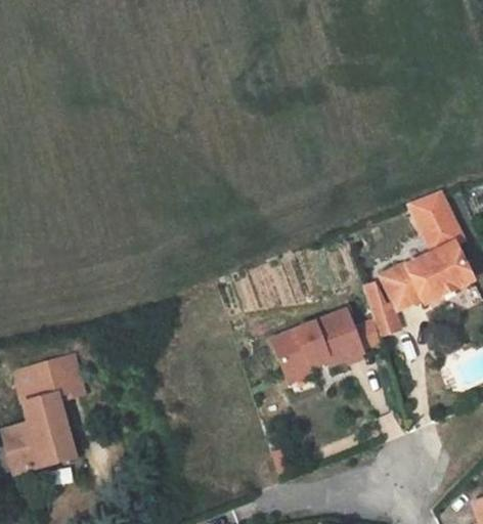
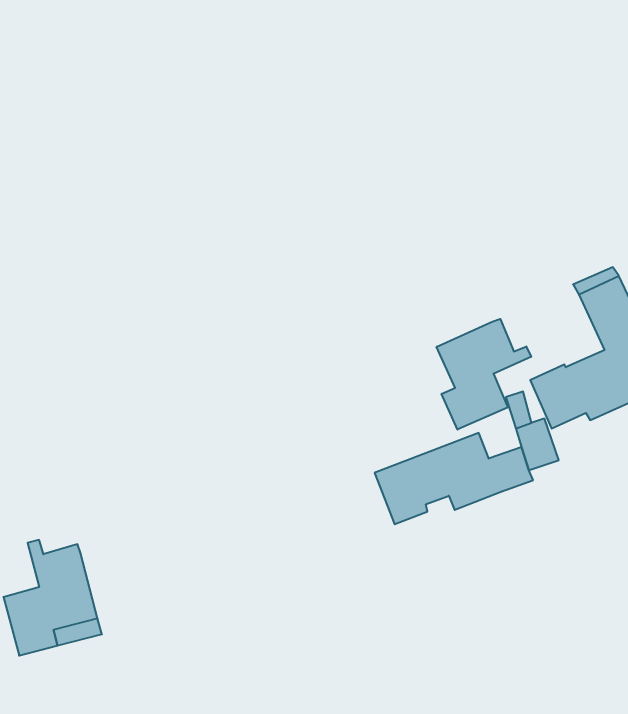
building: none -> [437,319,531,430]
building: [16,354,85,398] -> none

